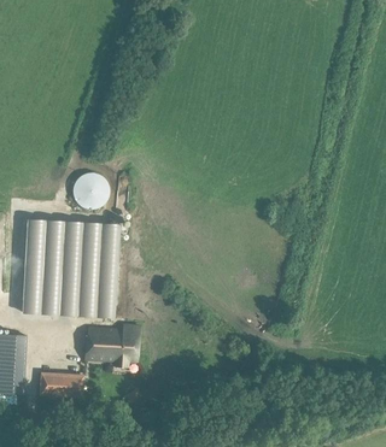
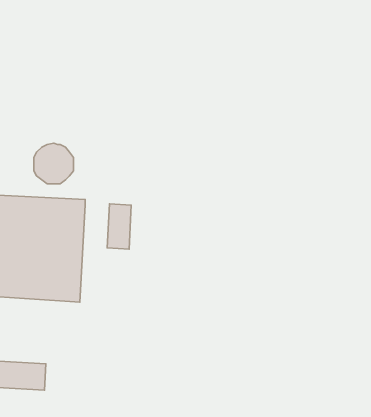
building: none -> [107,204,131,249]
building: [84,324,139,365] -> none

